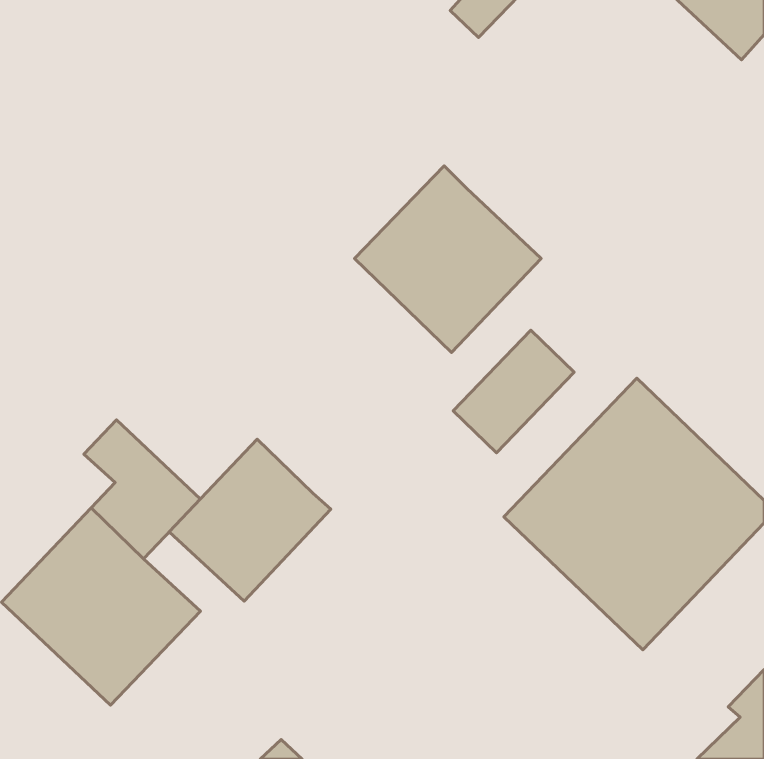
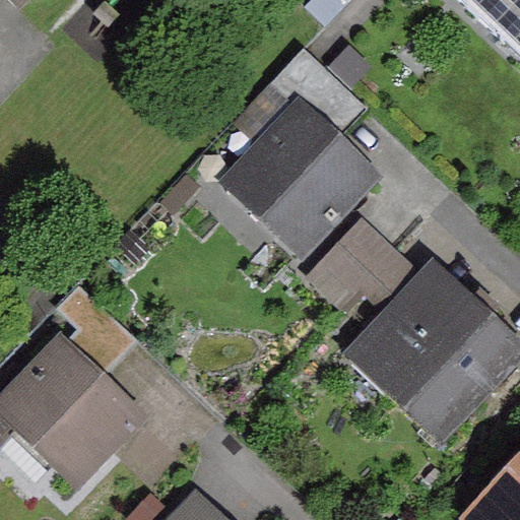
building: none -> [270,49,350,128]
building: [169,439,331,601] -> none

